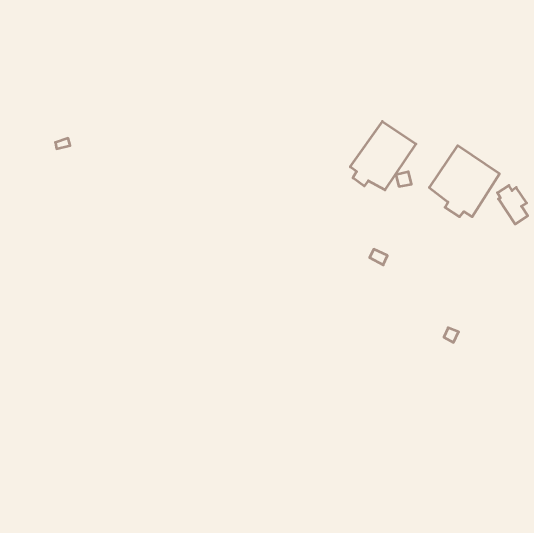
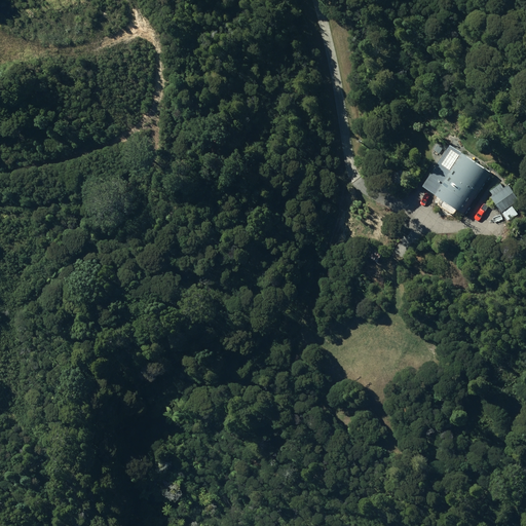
building: [350,121,416,190] -> none

